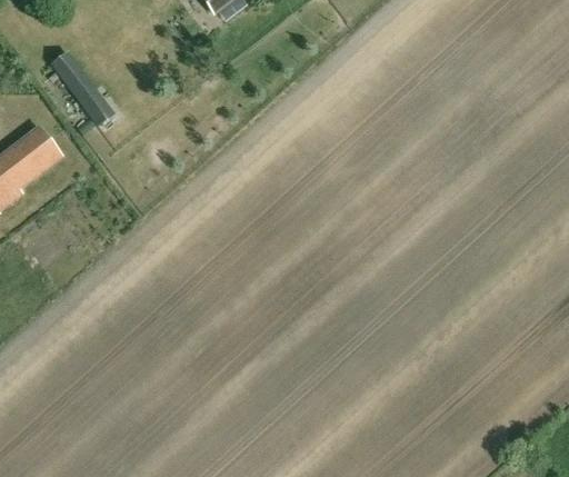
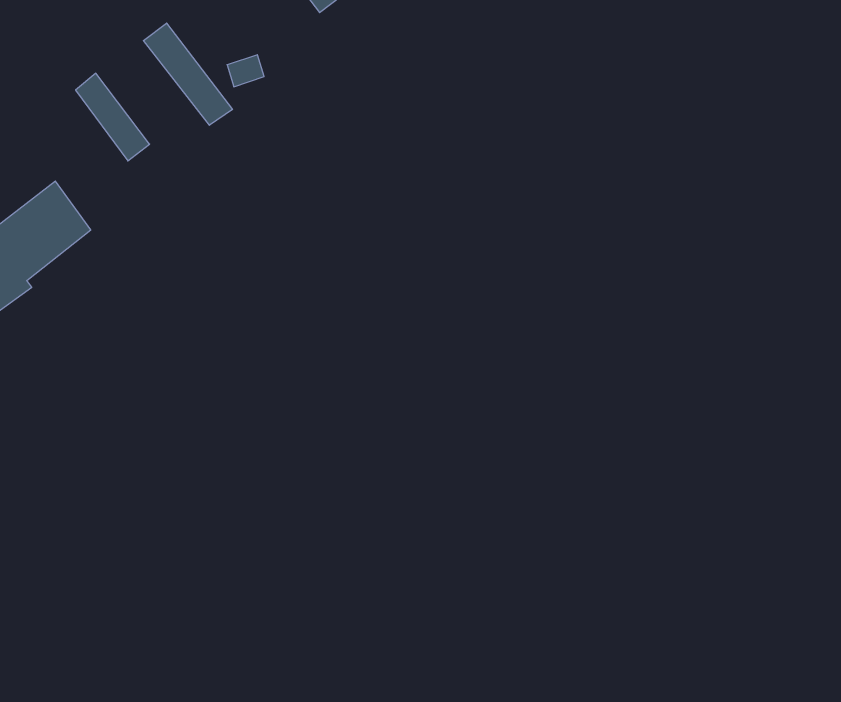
building: none -> [143,23,232,125]

